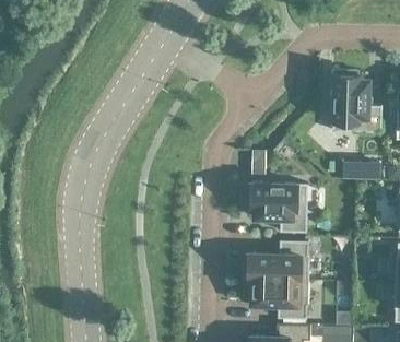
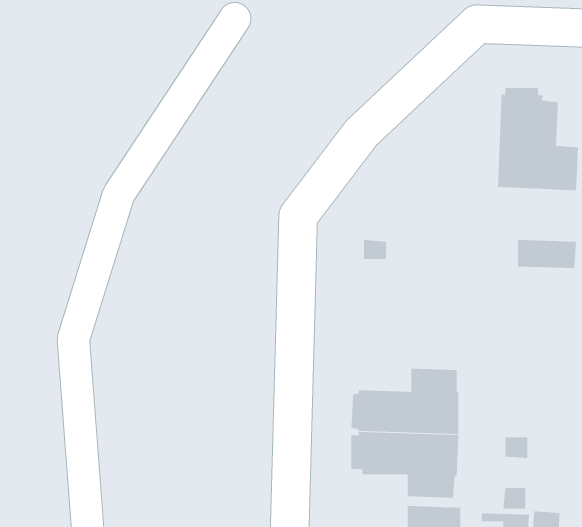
building: [246,182,307,233] -> none

